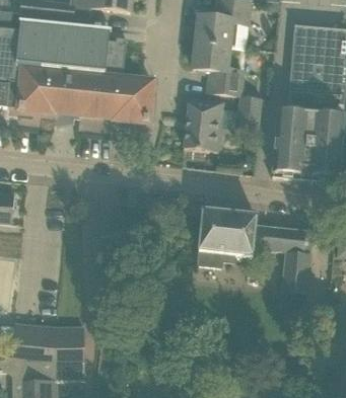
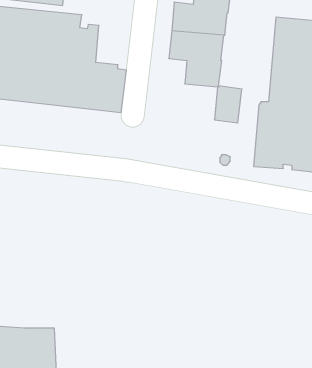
building: [184,99,223,152] -> none
building: [198,211,313,293] -> none

